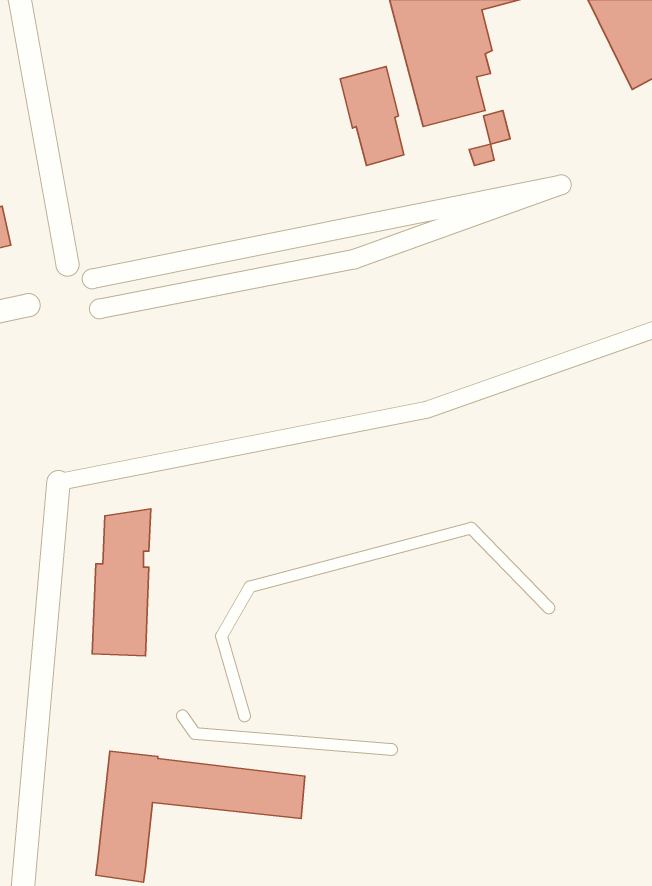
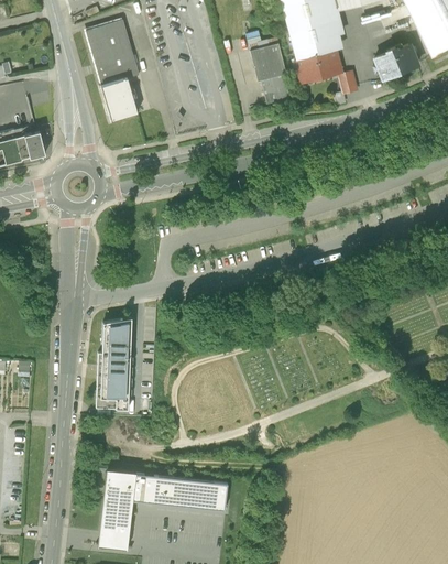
building: none -> [86,19,139,120]
building: none -> [373,43,417,77]

